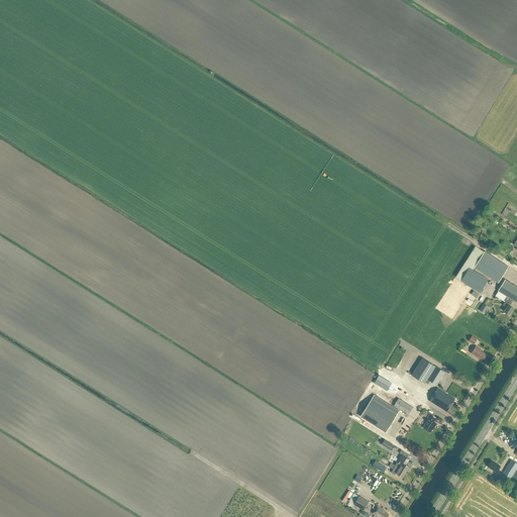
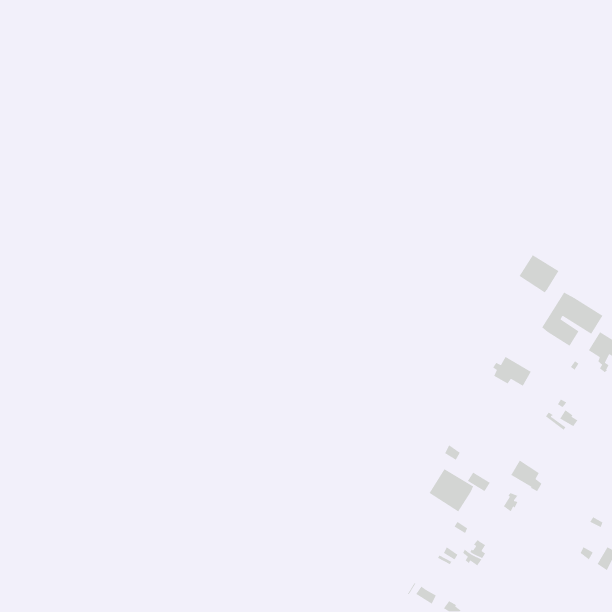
building: none -> [518,254,559,293]
building: [412,357,445,384] -> [492,356,532,387]

